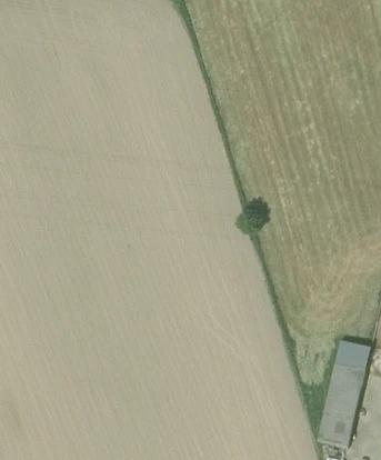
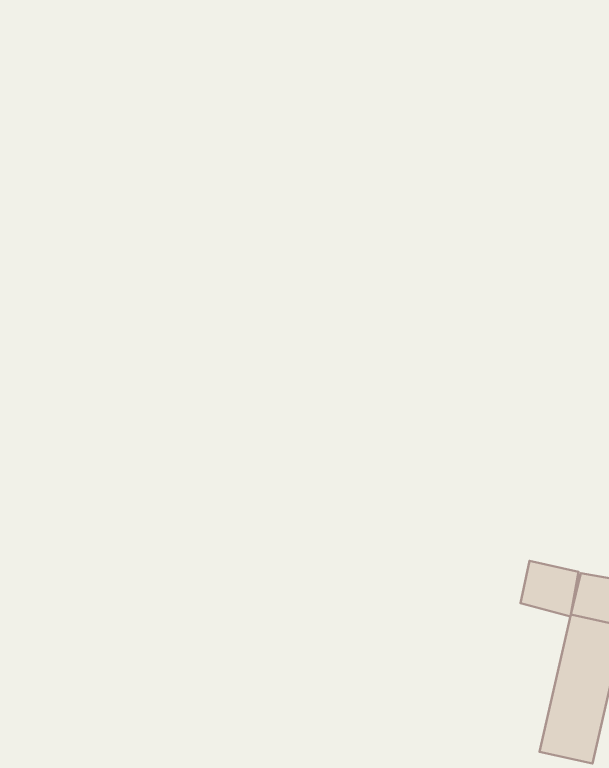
building: none -> [521,561,578,617]

